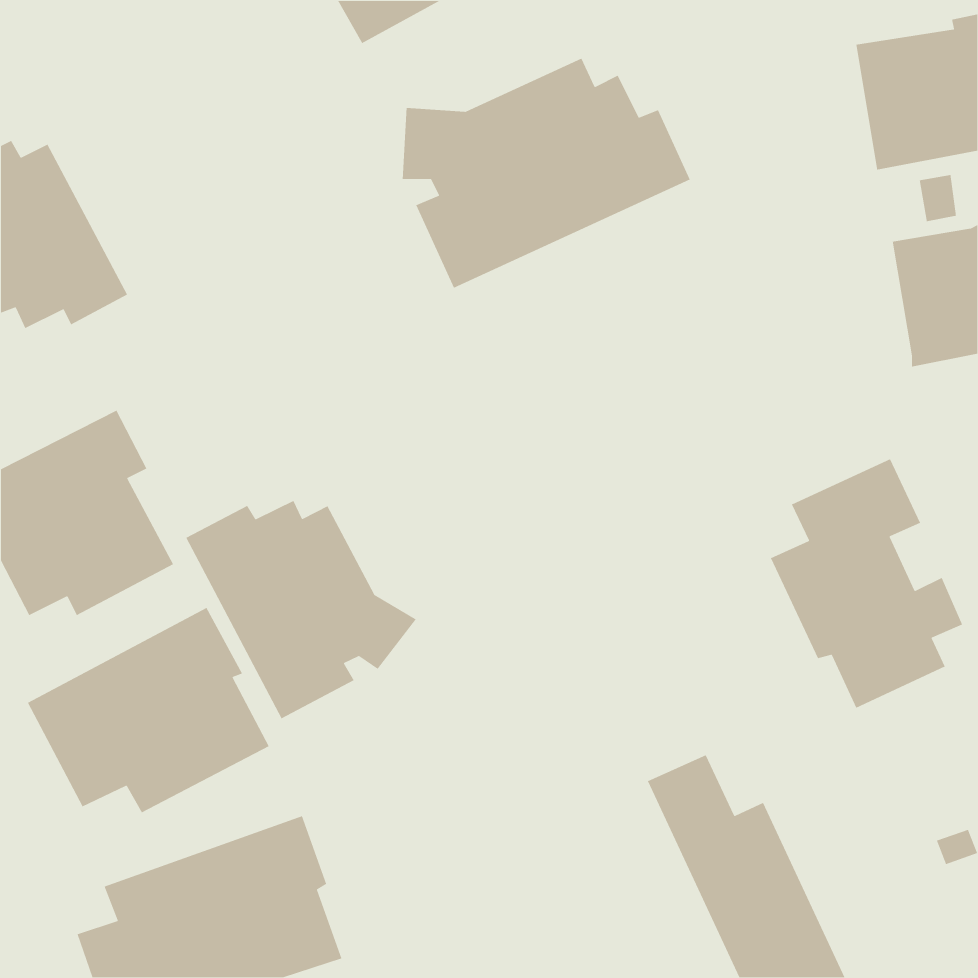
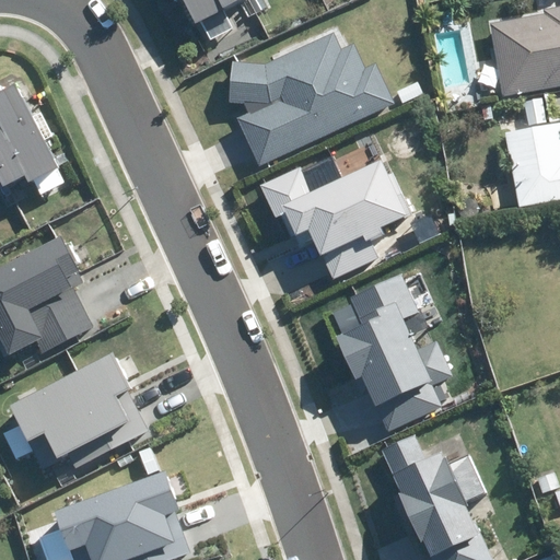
building: none -> [243,148,405,287]
building: [770,458,963,709] -> [325,275,435,418]
building: [185,500,417,720] -> none

